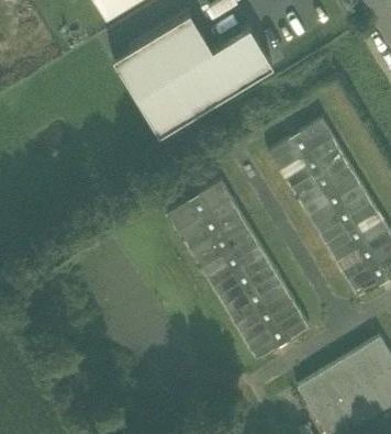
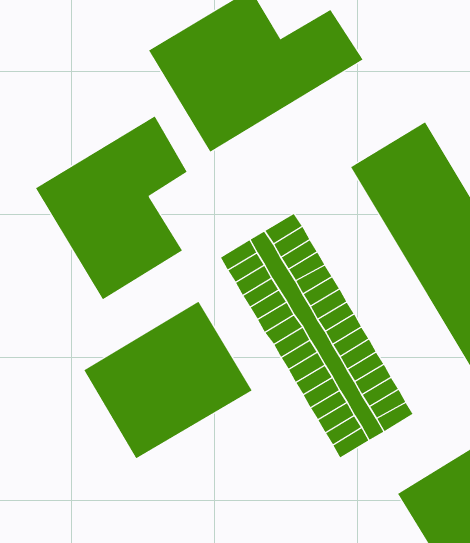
building: none -> [35,115,188,300]
building: none -> [84,301,253,459]

